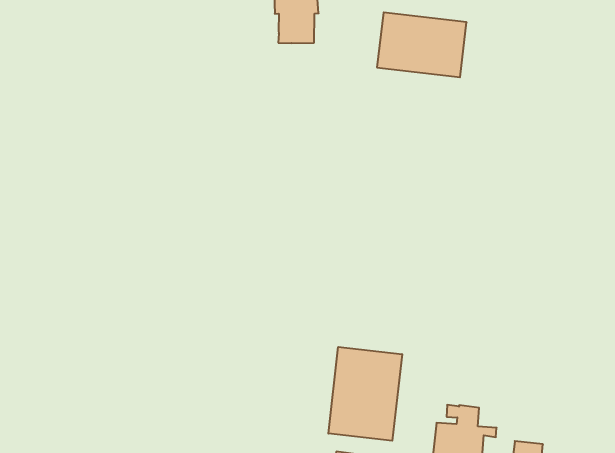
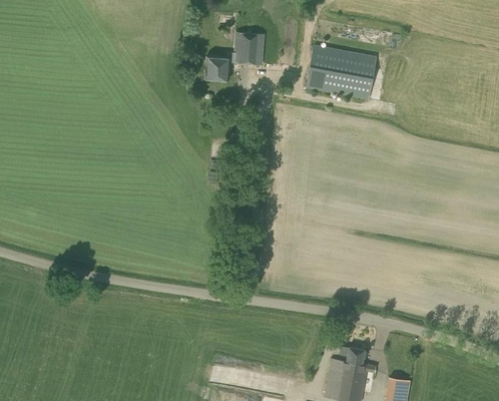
building: none -> [205,53,234,81]
building: [328,347,402,441] -> none

